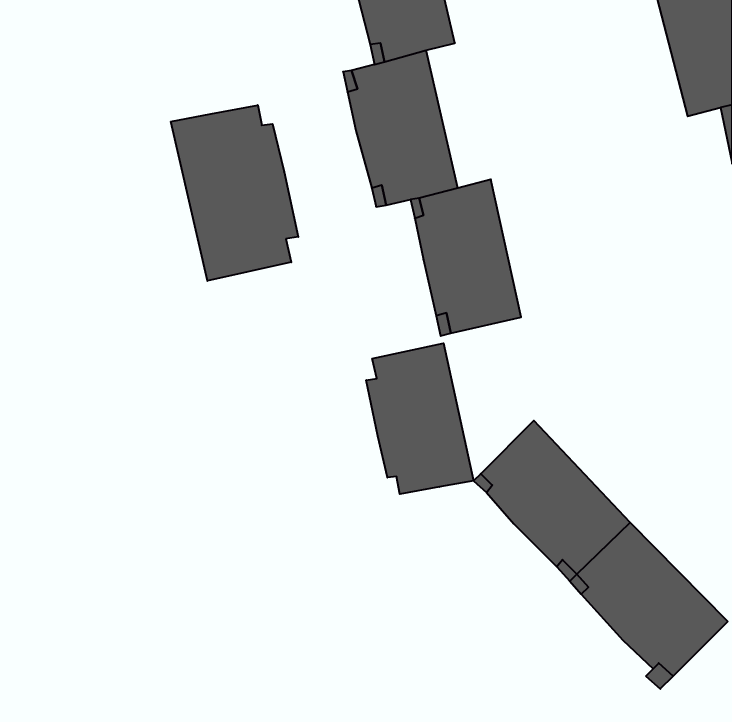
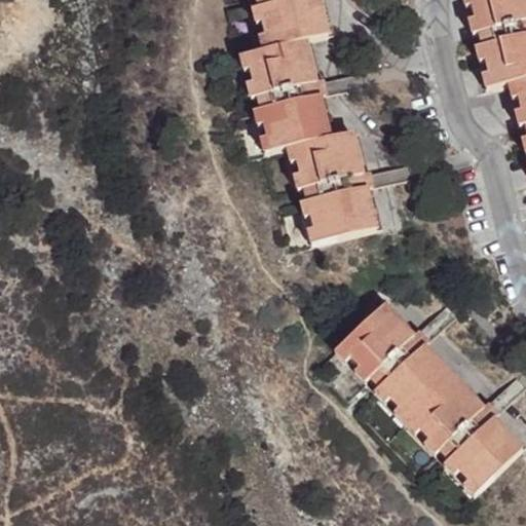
building: [171,105,298,281] -> none
building: [366,343,474,494] -> none

